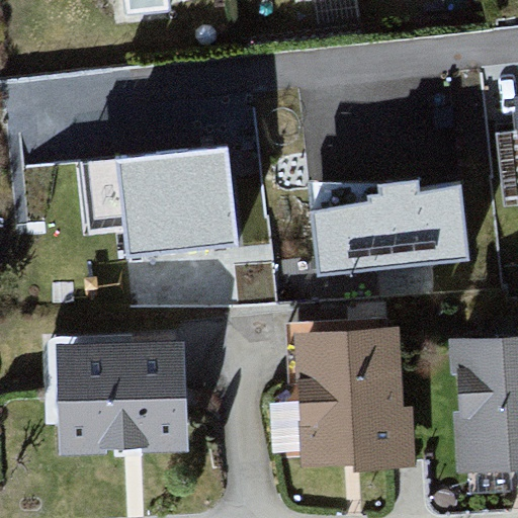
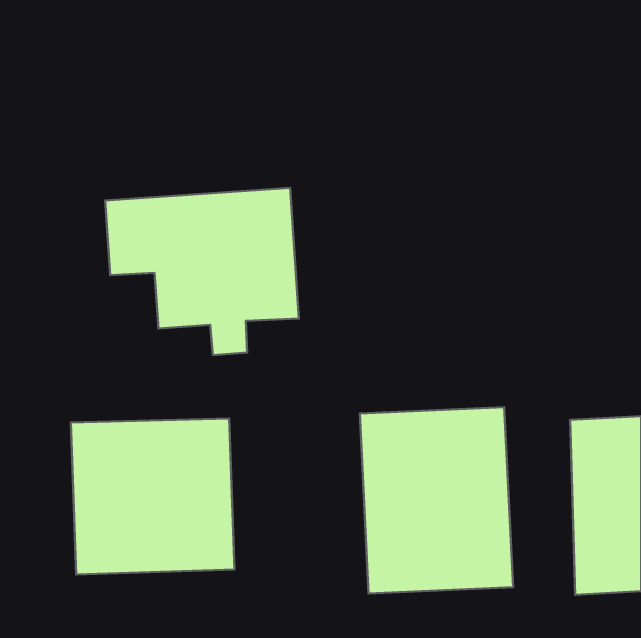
building: [314,174,469,270] -> none

